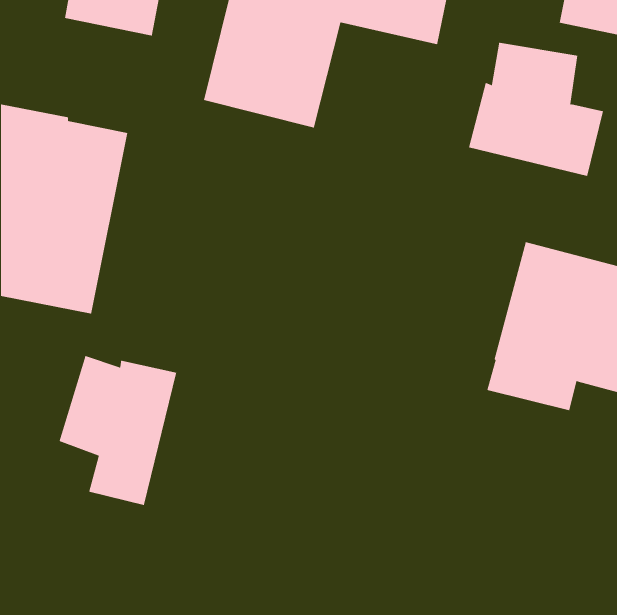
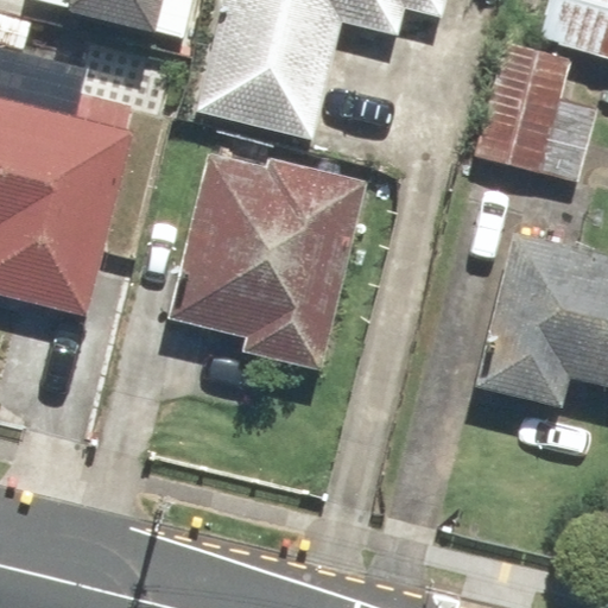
building: none -> [170,150,359,361]
building: [59,355,177,506] -> none

